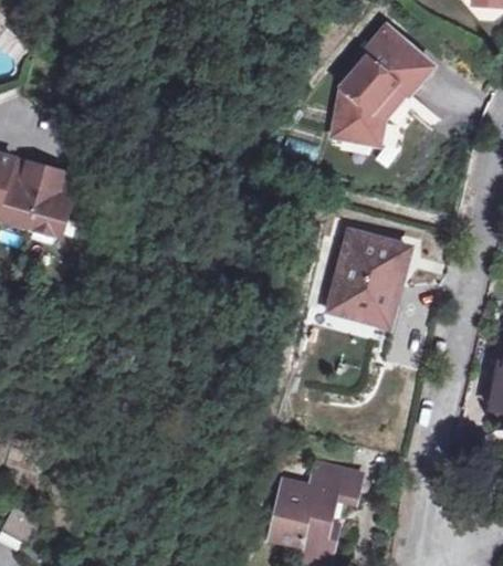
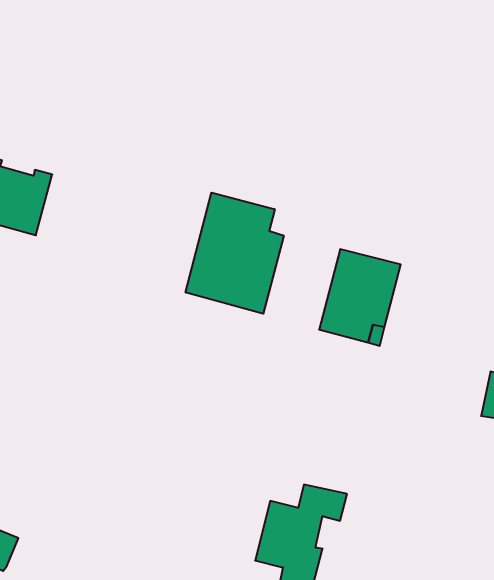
building: [334,27,434,144] -> none
building: none -> [186,193,284,314]

